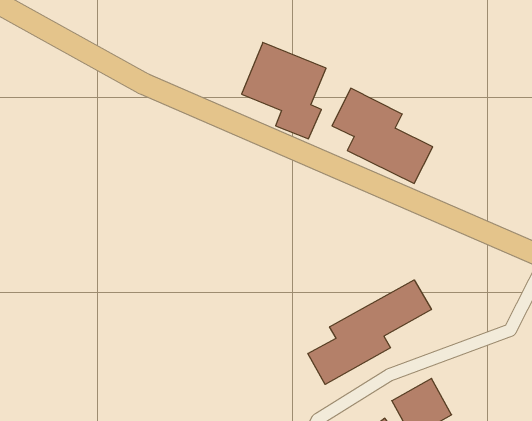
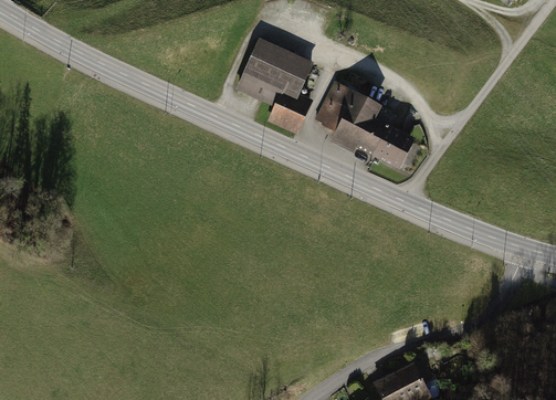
building: [308,280,431,384] -> none

